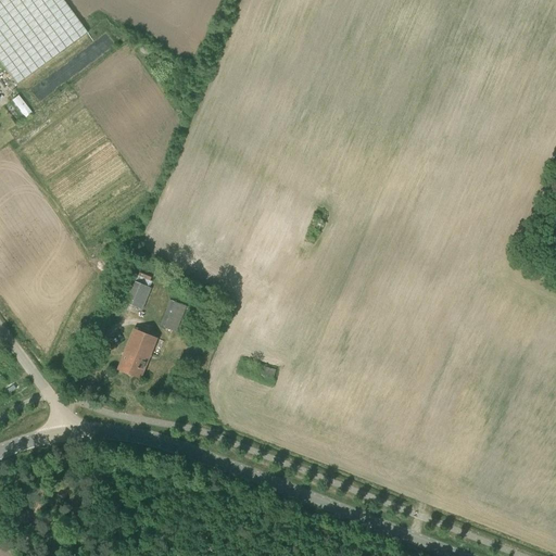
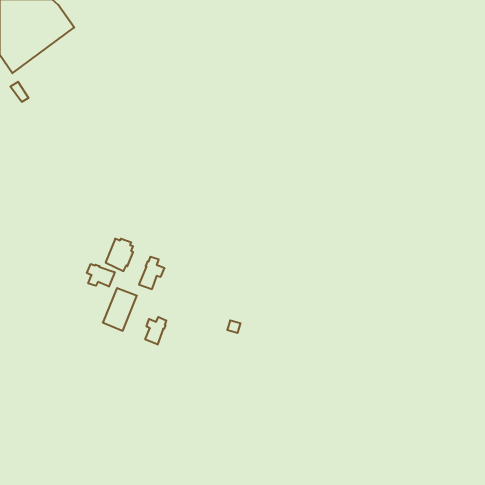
building: none -> [87,264,115,287]
building: none -> [145,317,166,345]

